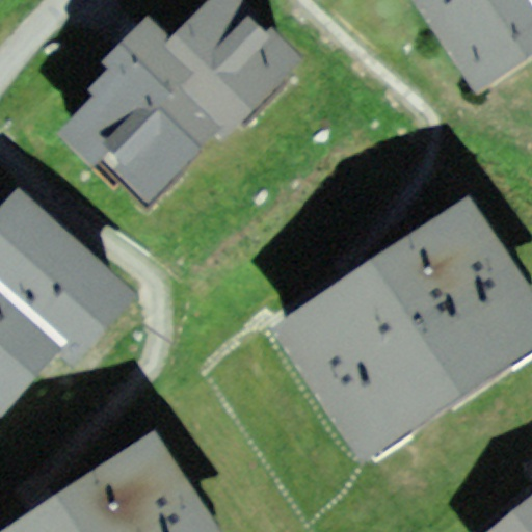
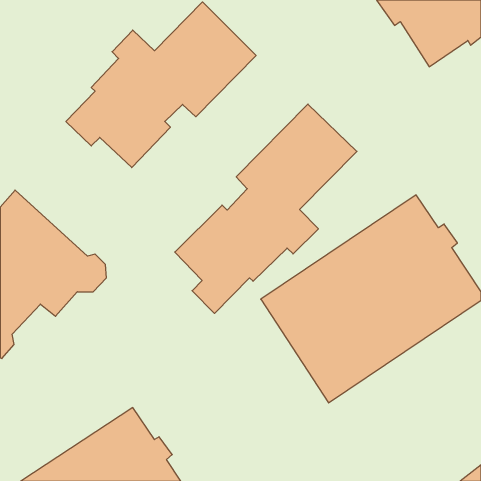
building: none -> [175,104,357,313]

